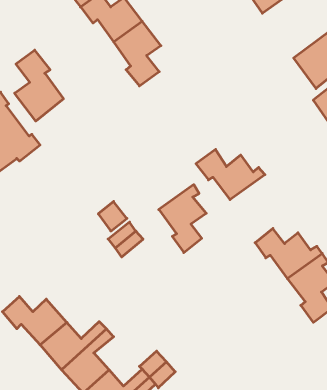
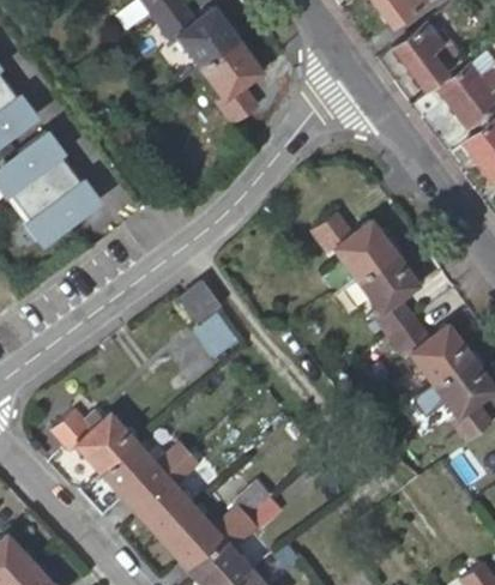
building: none -> [397,18,448,89]
building: [15,50,63,121] -> none
building: [159,185,206,253] -> [355,245,418,336]

